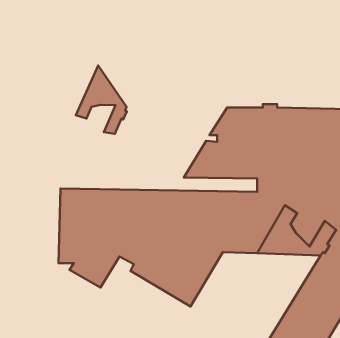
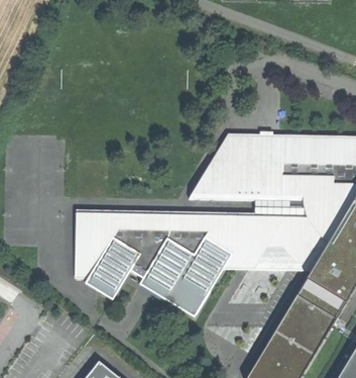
building: [76,65,127,134] -> none

